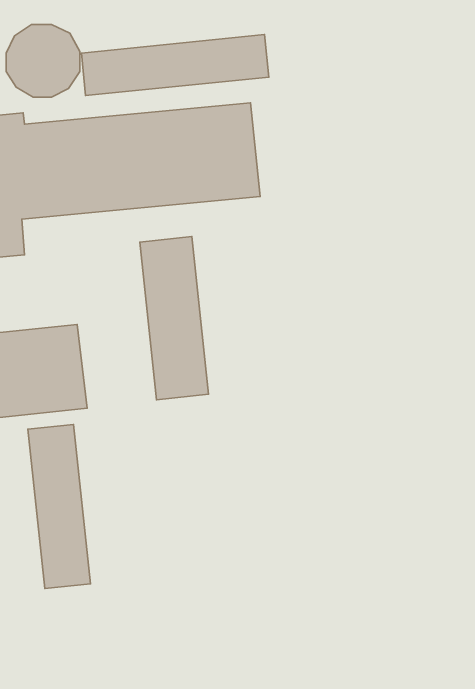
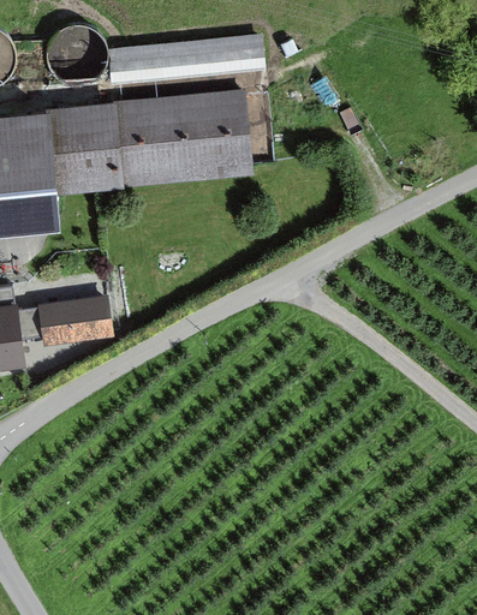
building: [140,237,209,400] -> none
building: [28,424,91,589] -> none

